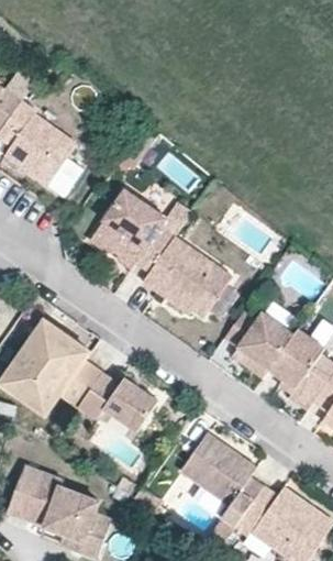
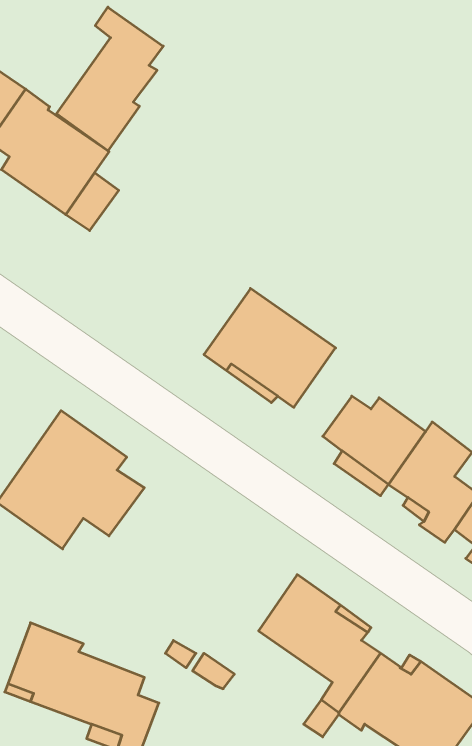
building: none -> [57,7,163,151]
building: [89,188,177,271] -> none
building: [77,372,158,431] -> none

